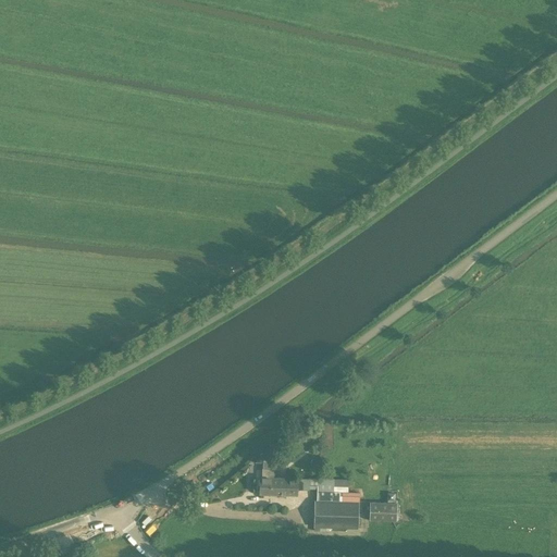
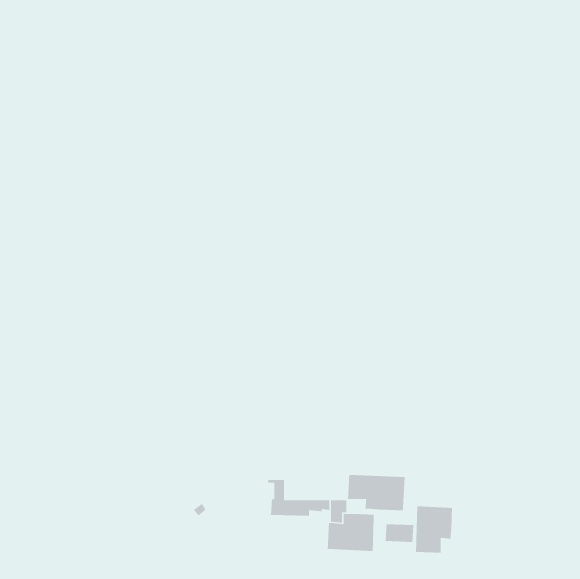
building: none -> [347,474,406,511]
building: none -> [415,505,453,554]

